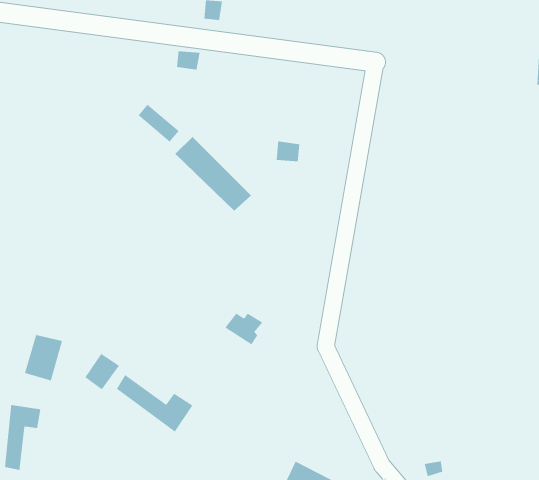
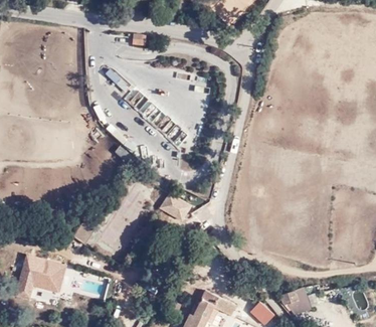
building: [24,334,63,381] -> [41,265,65,294]
building: [116,374,193,433] -> none

